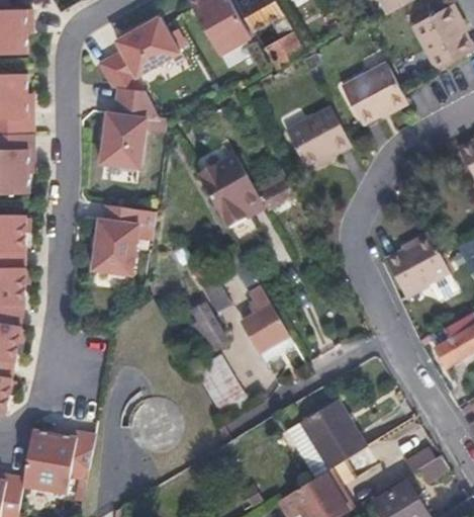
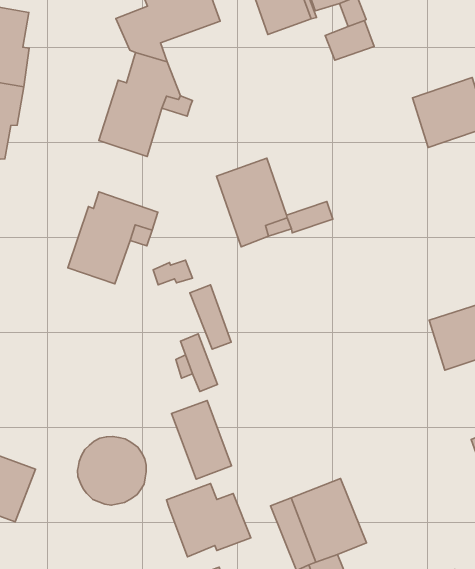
building: [285,108,351,169] -> none
building: [242,286,295,362] -> none
building: none -> [167,483,251,557]

